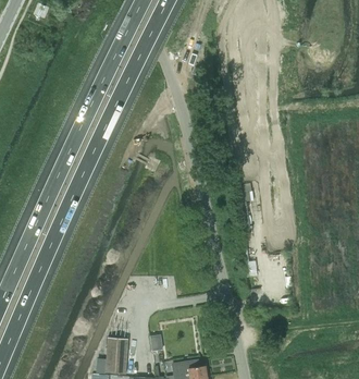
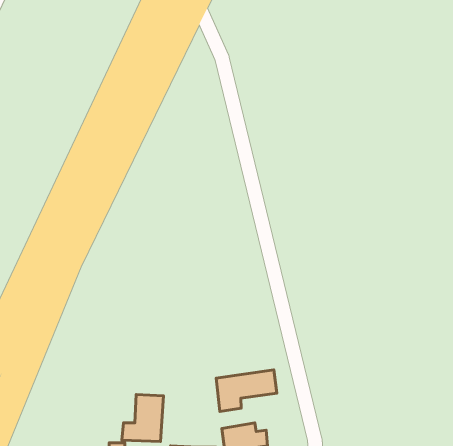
building: none -> [216,370,277,411]

